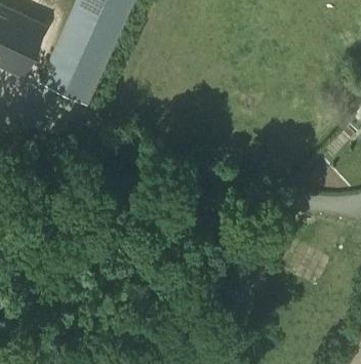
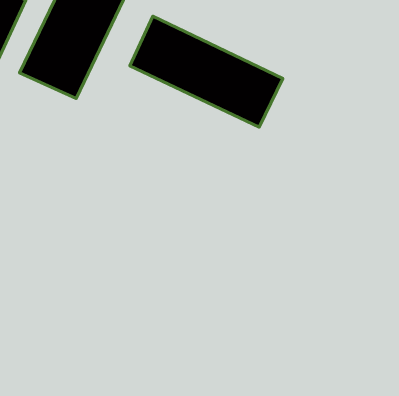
building: none -> [130,16,283,127]

